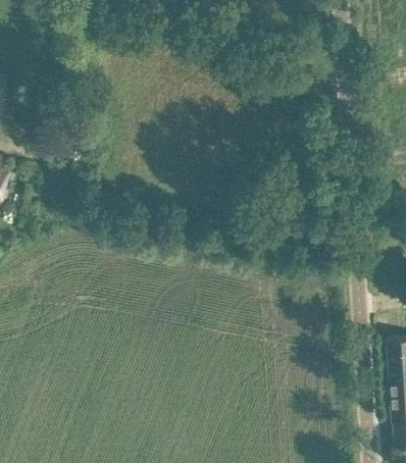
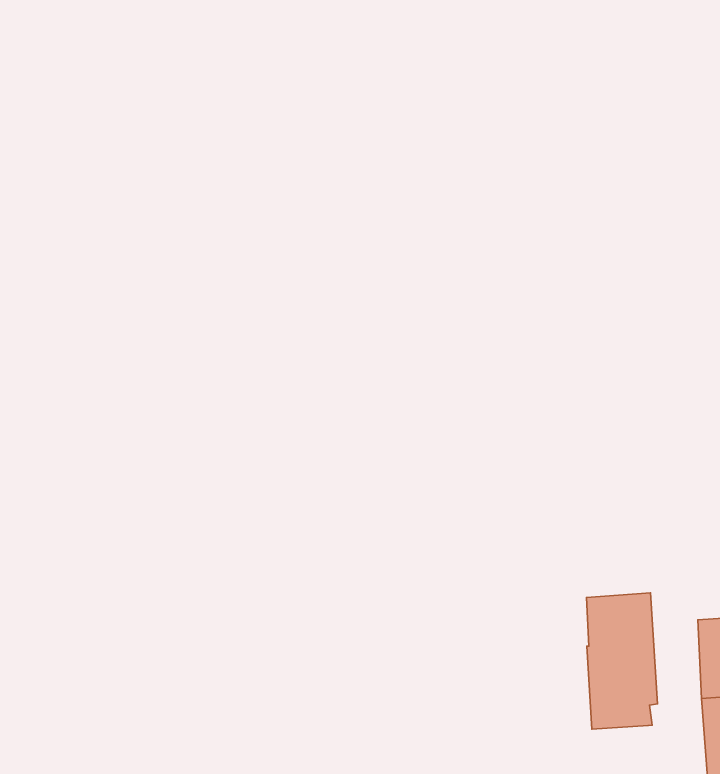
building: none -> [586,593,658,729]

